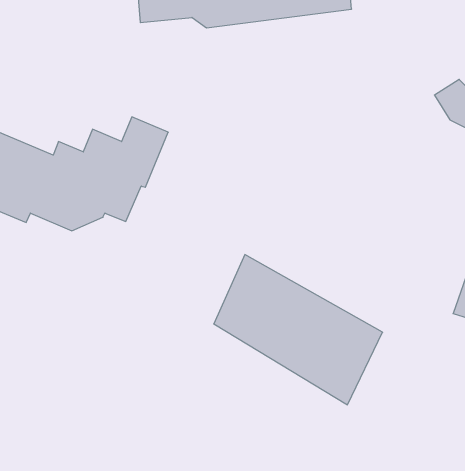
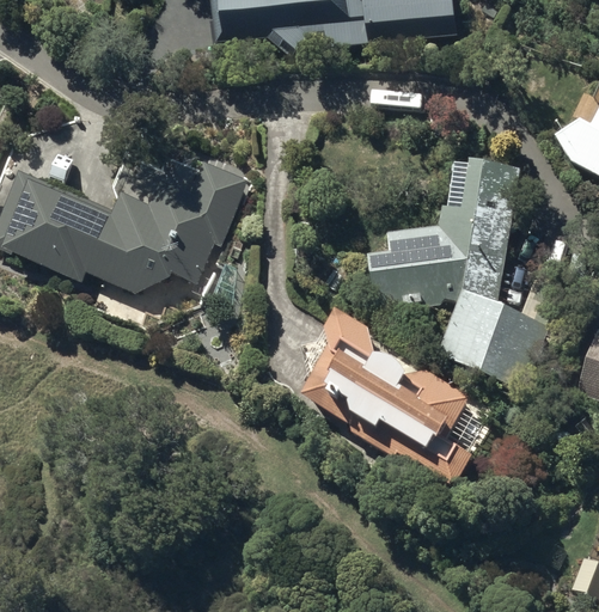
building: none -> [371,163,554,394]

